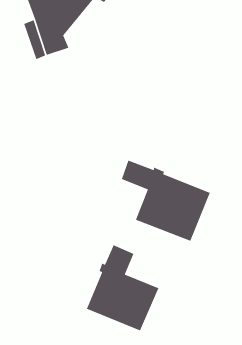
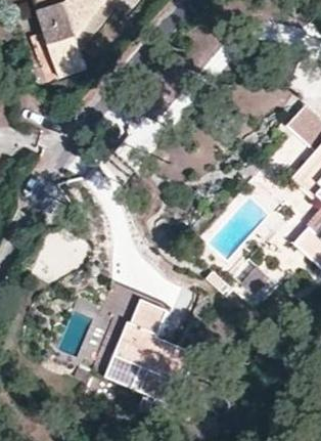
building: [121,160,211,242] -> none

